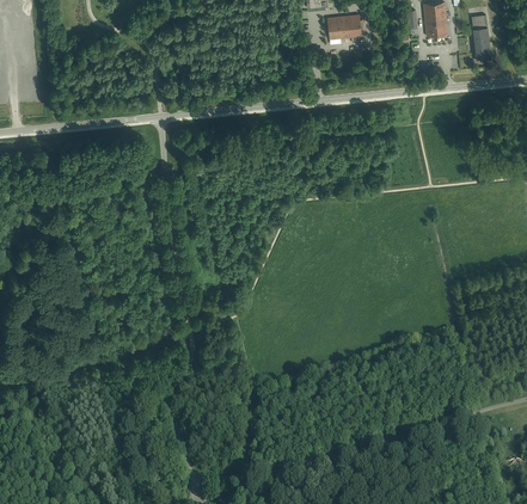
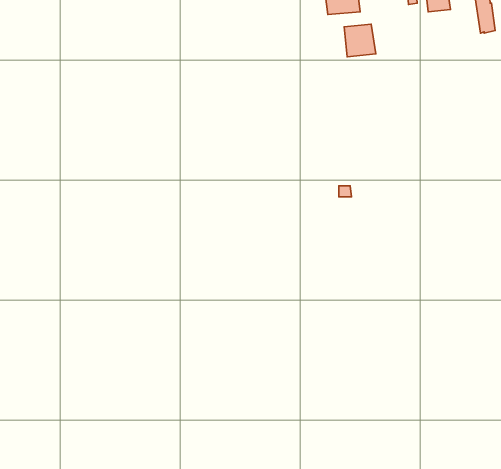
building: none -> [344,24,376,57]

